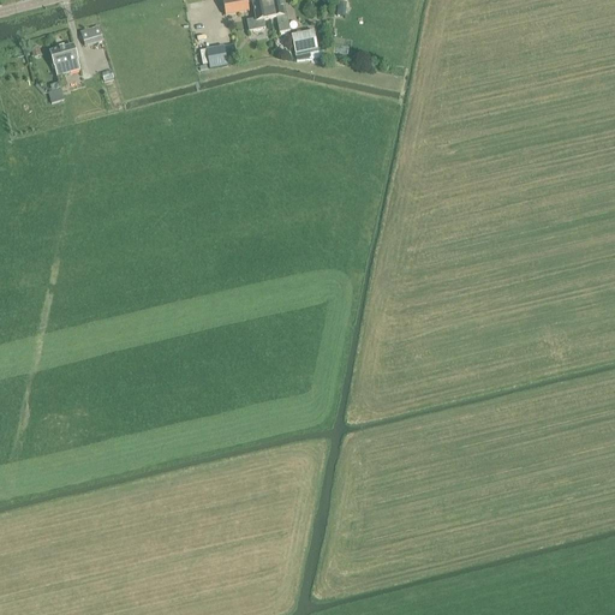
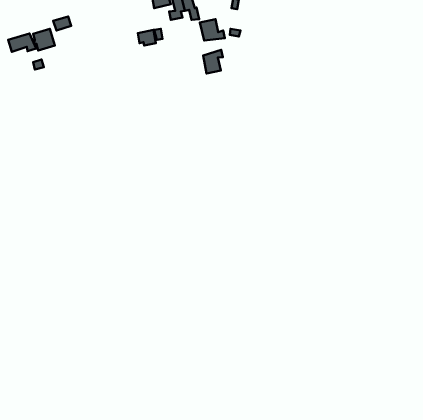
building: none -> [8,34,36,52]
building: none -> [203,50,223,74]

